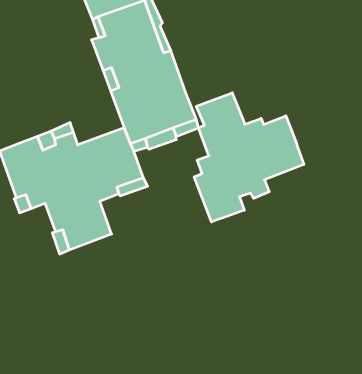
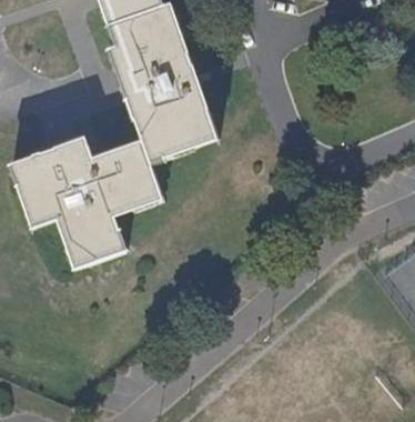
building: [194,93,304,222] -> none

